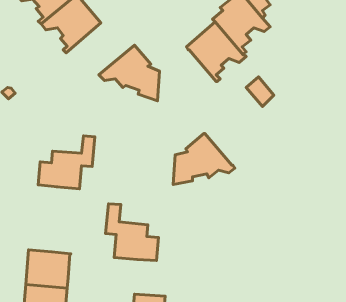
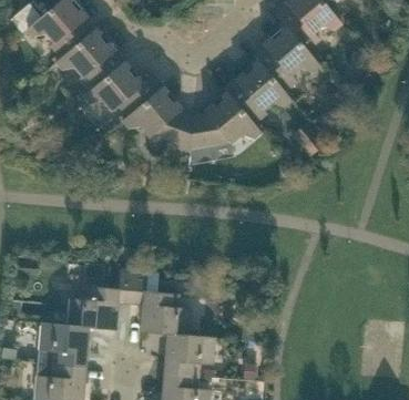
building: none -> [85,63,164,123]
building: [173,134,235,185] -> [191,94,262,153]
building: [38,136,95,189] -> [69,270,134,331]
building: none -> [164,336,216,378]

